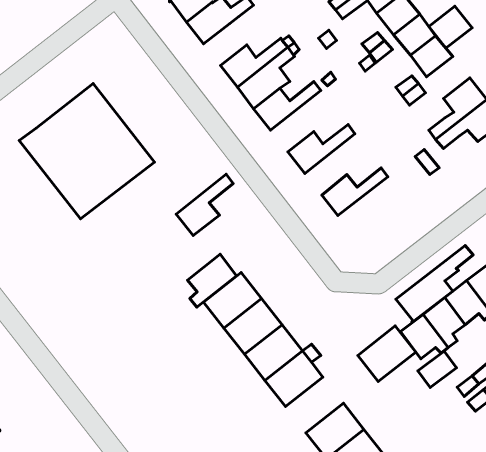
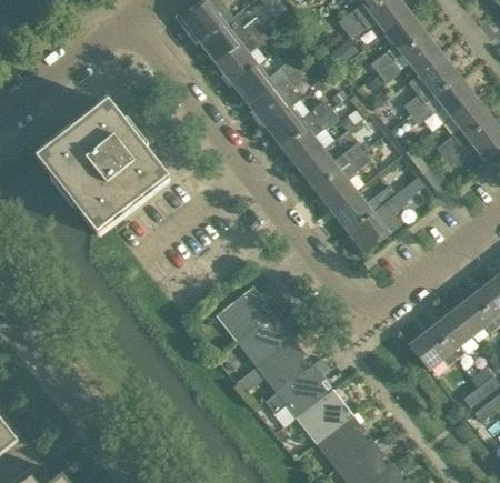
building: none -> [216,24,271,83]
building: [429,6,472,48] -> [433,74,476,115]
building: none -> [314,150,370,210]
building: [176,174,233,236] -> [281,108,337,168]
building: [396,246,473,322] -> [347,178,422,252]
building: [188,254,237,307] -> none
building: [358,326,416,382] -> [296,388,352,442]
building: [418,351,456,388] -> none

